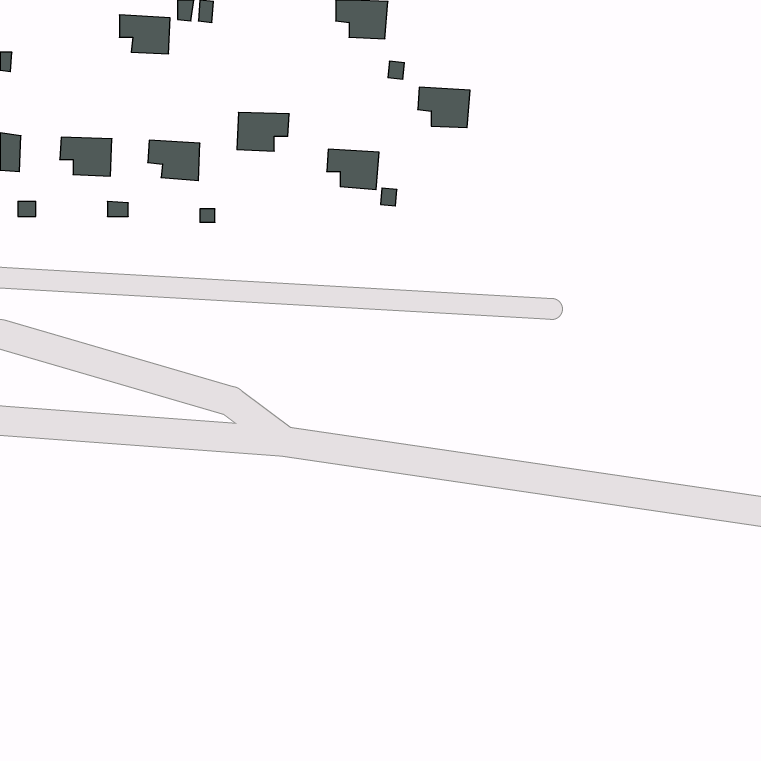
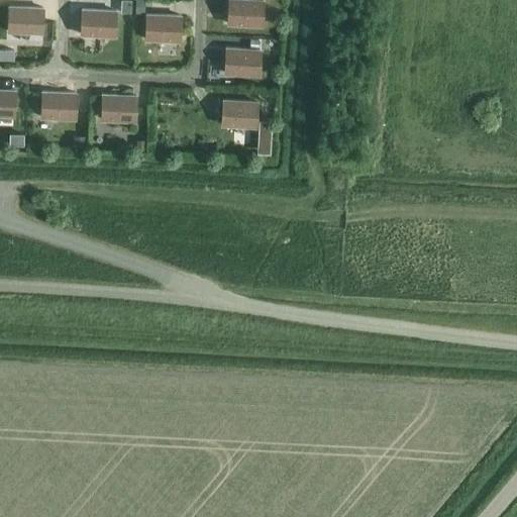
building: none -> [8,8,43,34]
building: [418,87,470,128] -> [225,49,261,77]
building: [237,112,289,151] -> [145,16,181,42]

